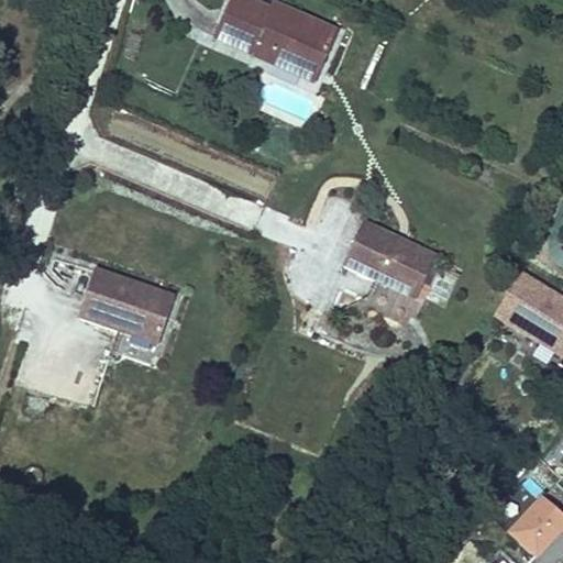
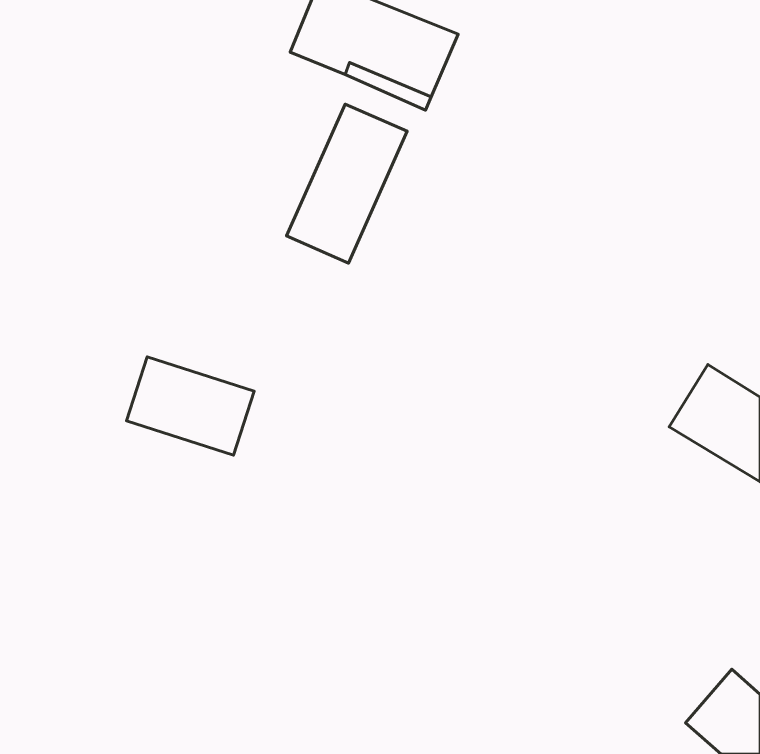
building: none -> [287,104,407,263]
building: [343,220,443,316] -> none

